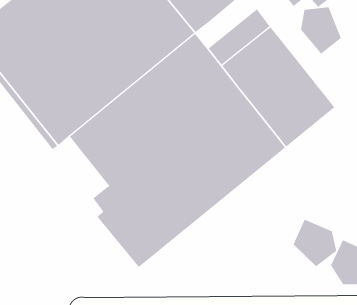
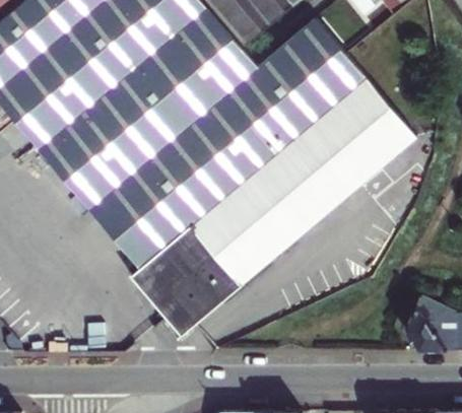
building: [301,7,341,55] -> none
building: none -> [69,171,137,247]
building: [293,219,337,267] -> none

